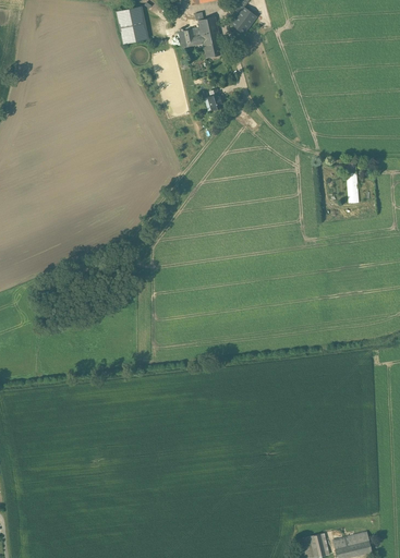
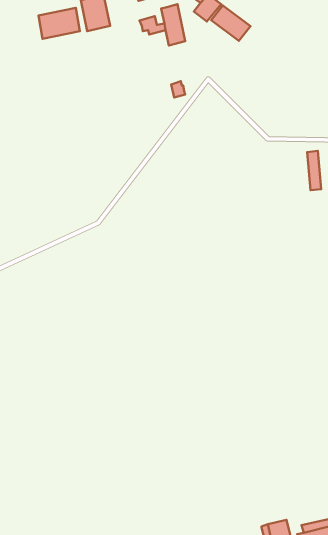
building: none -> [211,6,250,41]
building: none -> [38,8,80,39]

